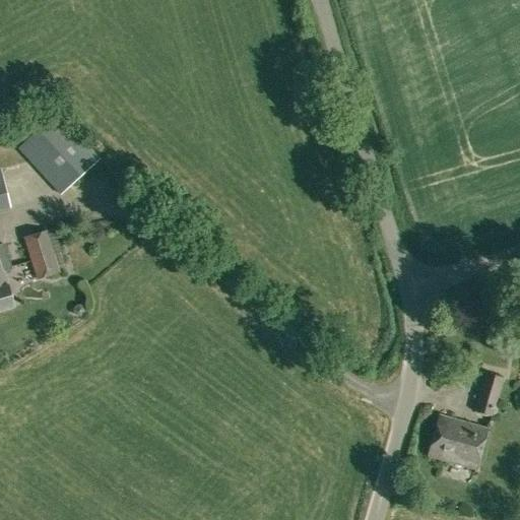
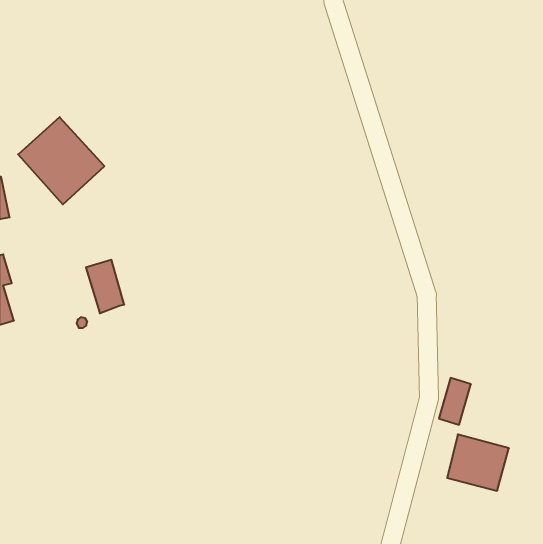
building: [22,230,59,280] -> [86,260,124,313]
building: [472,372,503,416] -> [439,378,471,425]

